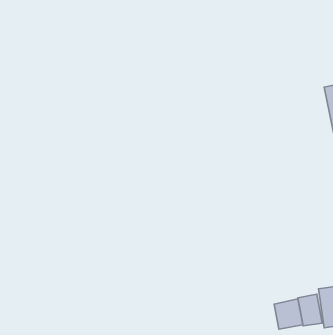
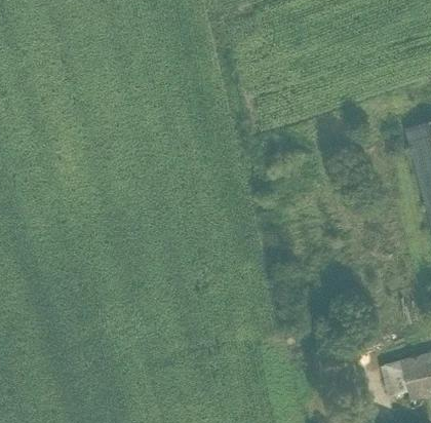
building: [274,299,303,329] -> none

